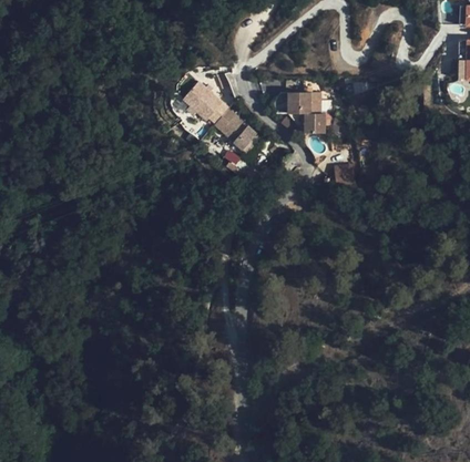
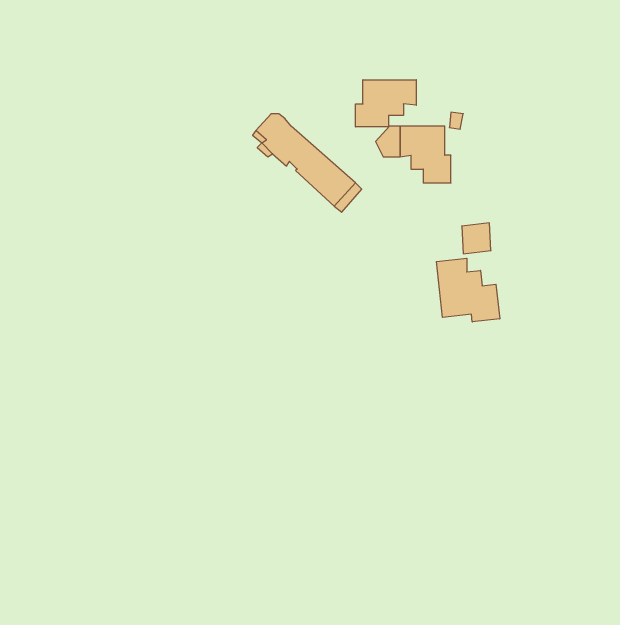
building: none -> [356,80,416,127]
building: none -> [436,258,500,322]

